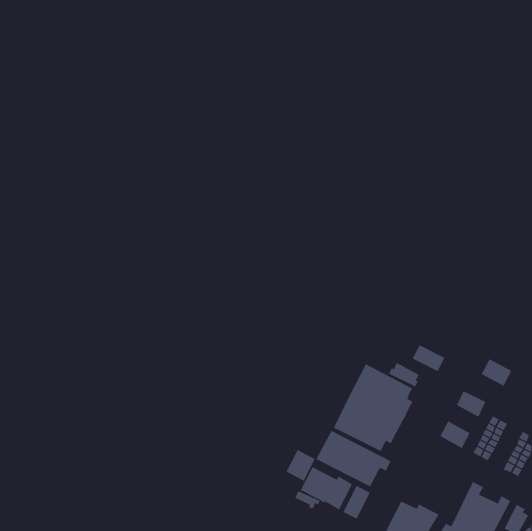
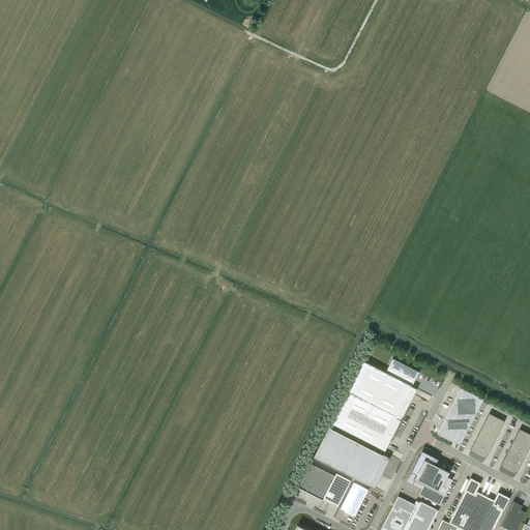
building: [412,345,445,372] -> none
building: [481,358,512,387] -> [445,404,476,432]
building: [286,449,316,481] -> none
building: none -> [407,452,452,506]

